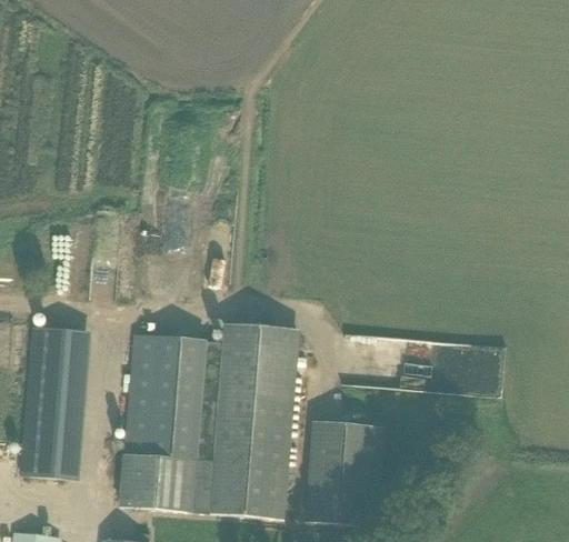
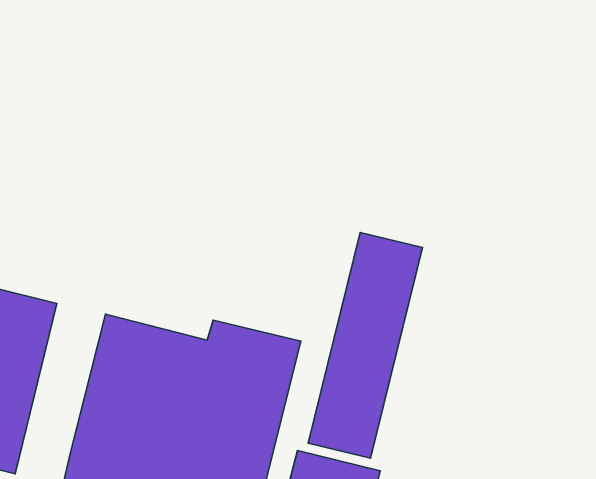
building: none -> [308,232,422,458]

